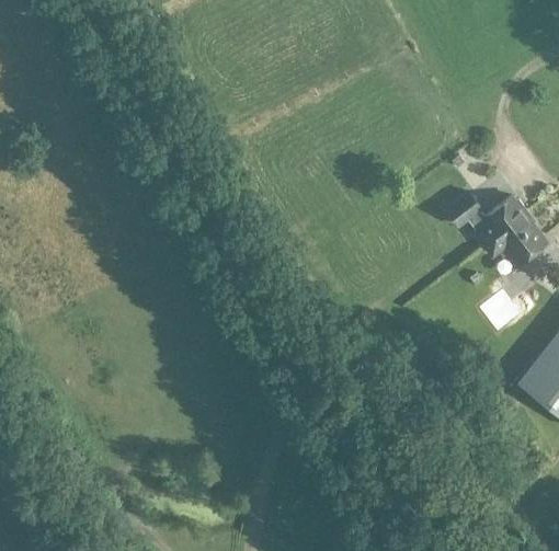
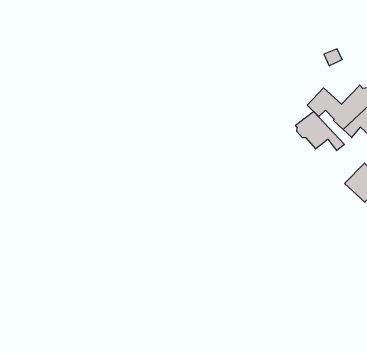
building: none -> [296,111,344,151]

